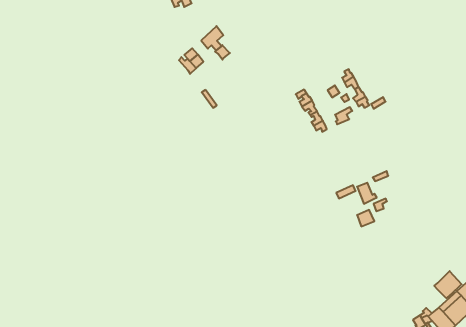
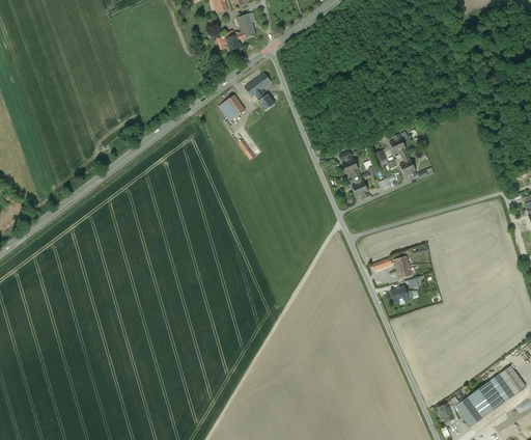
building: [434,271,462,298] -> none

